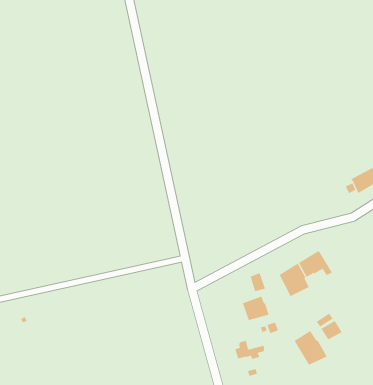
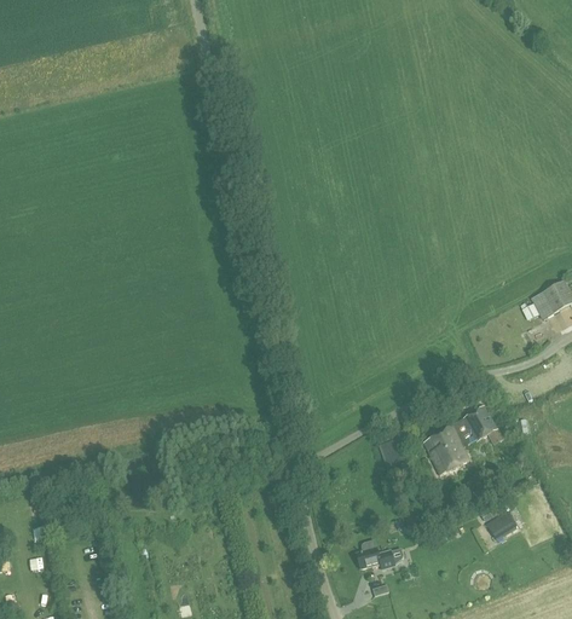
building: [242,296,269,321] -> none
building: [294,330,327,365] -> none

